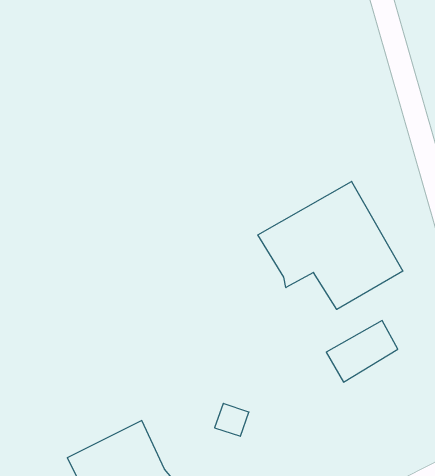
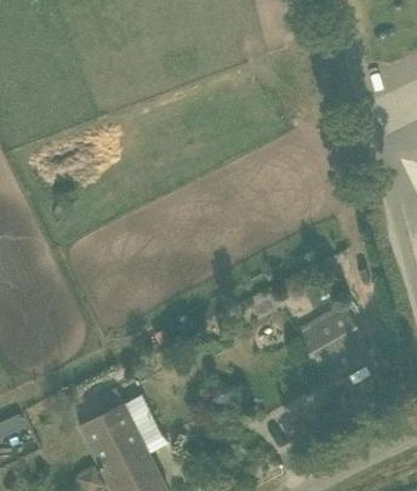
building: [258,181,403,309] -> none

